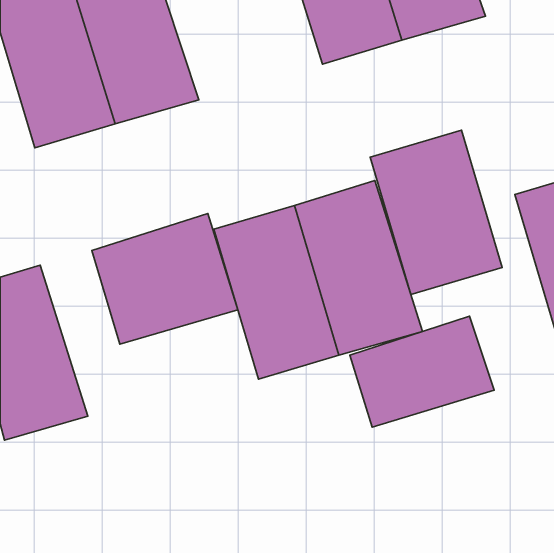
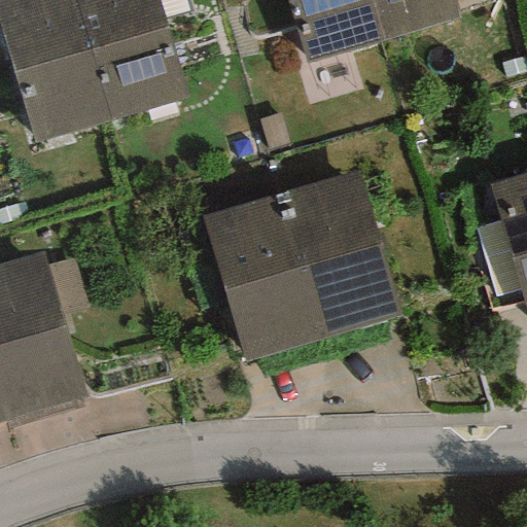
building: [370,130,502,295] -> none
building: [92,214,238,344] -> none
building: [350,316,494,427] -> none

